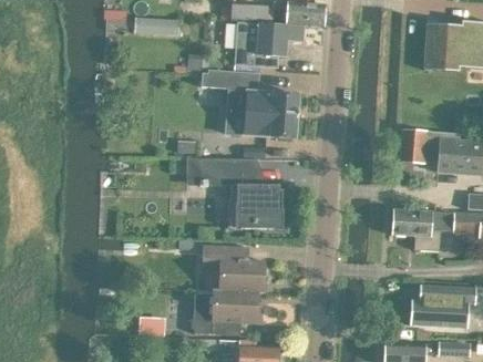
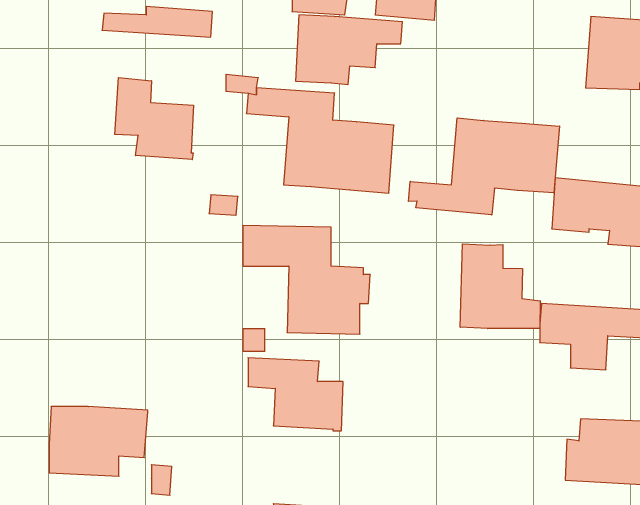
building: none -> [115,78,193,160]
building: none -> [409,118,560,215]
building: none -> [460,244,540,329]
building: [194,289,258,334] -> [49,407,148,476]

